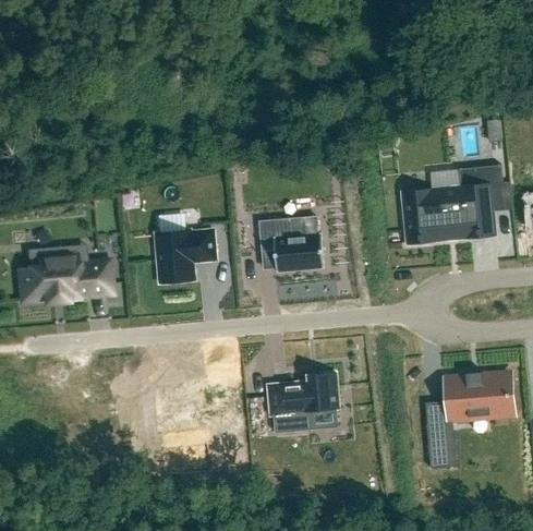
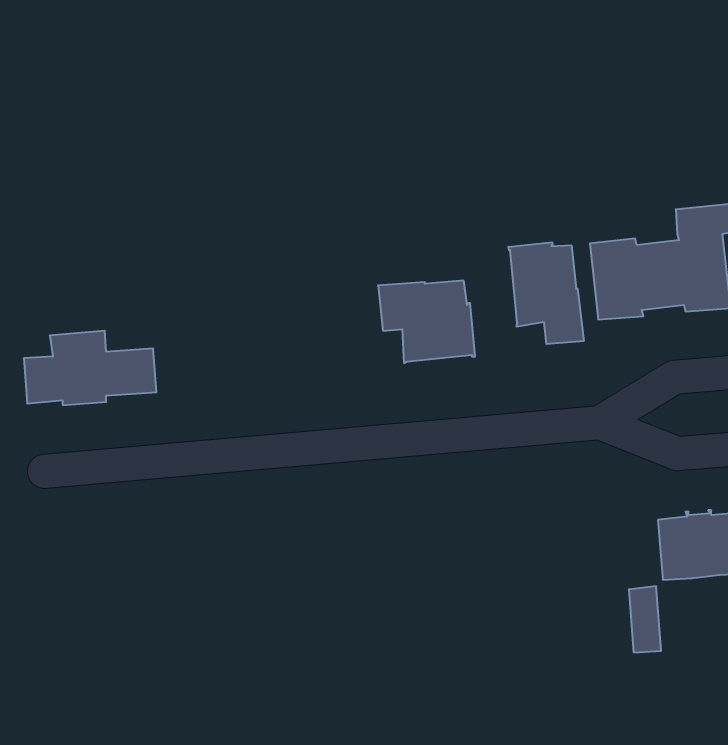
building: none -> [508,242,584,344]
building: [156,230,216,282] -> none
building: [268,372,338,432] -> none

